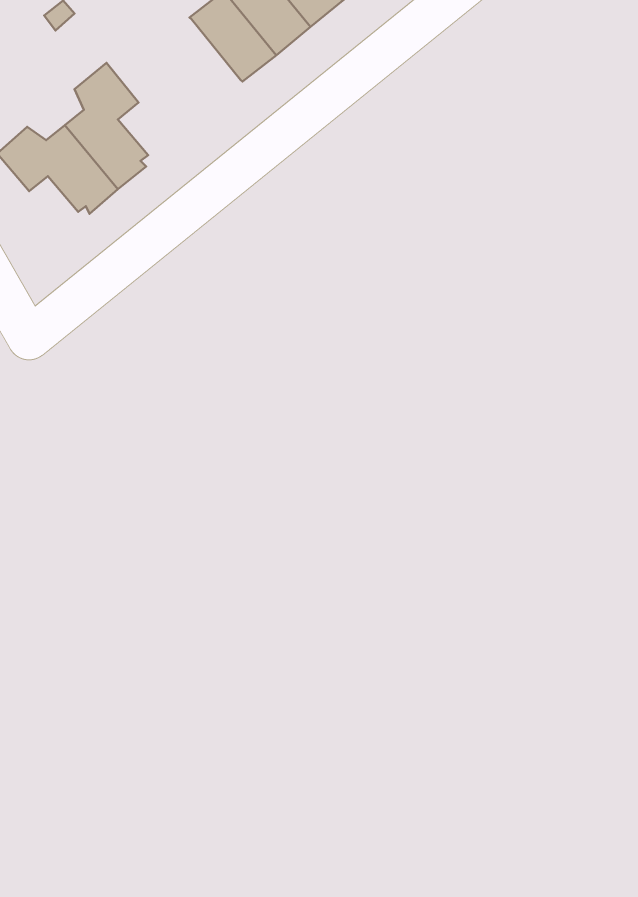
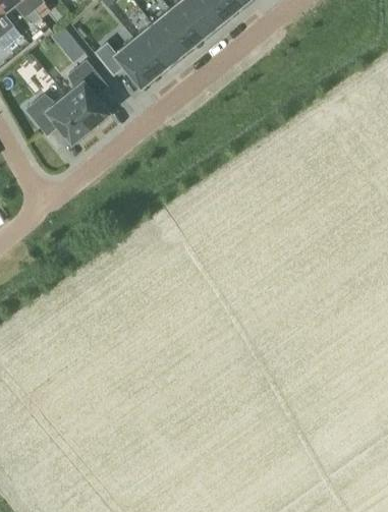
building: none -> [94,37,160,88]

